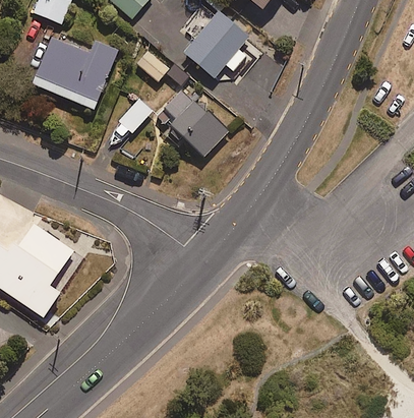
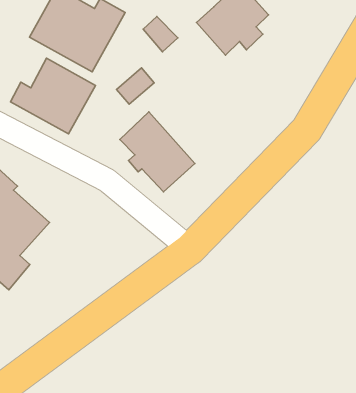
building: [156,88,227,160] -> [120,112,195,192]
building: none -> [10,58,95,134]

